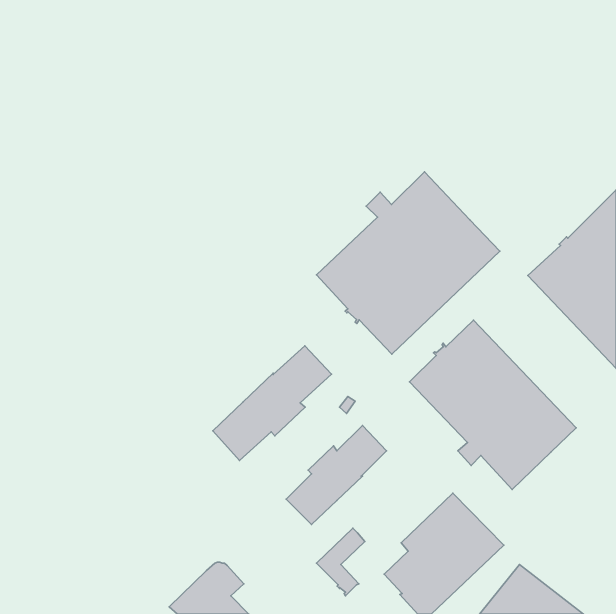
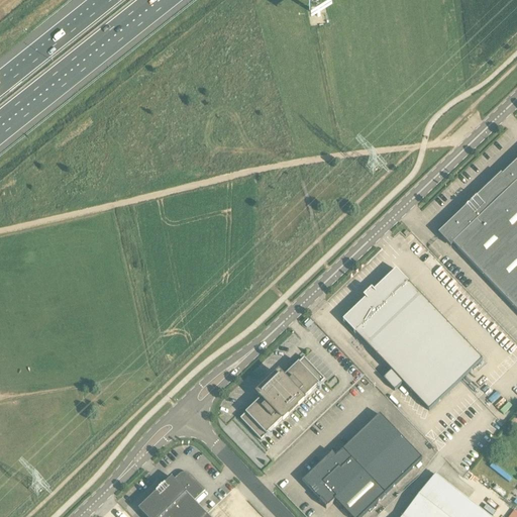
building: [317,172,500,354] -> none
building: [213,346,332,461] -> none
building: [317,528,365,596] -> [301,449,341,506]

